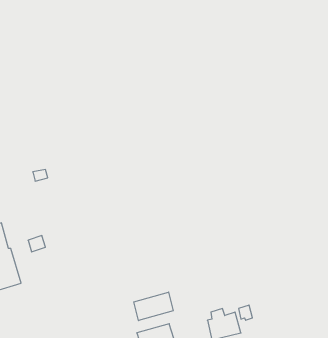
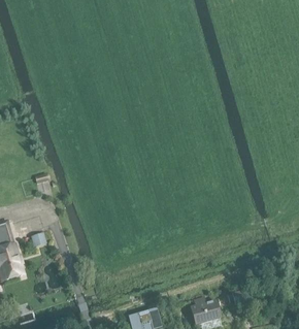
building: [134,292,173,321] -> none

